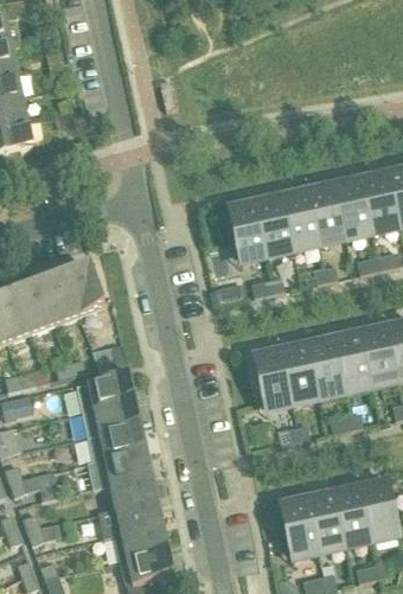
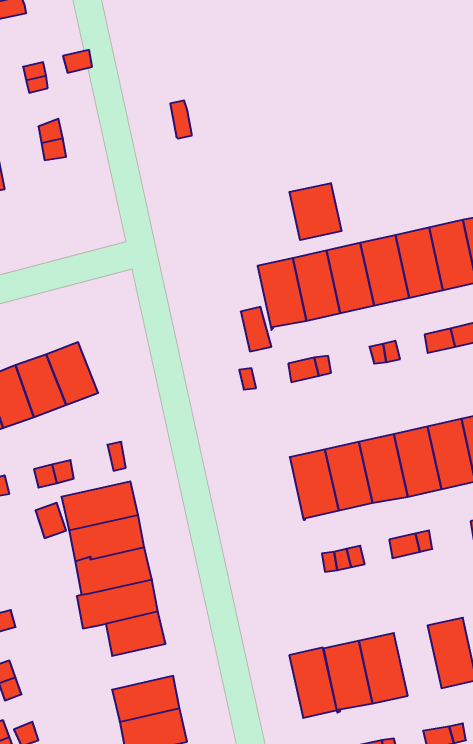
building: none -> [289,183,341,240]
building: [333,486,370,541] -> [289,648,337,718]
building: [97,500,162,538] -> none

